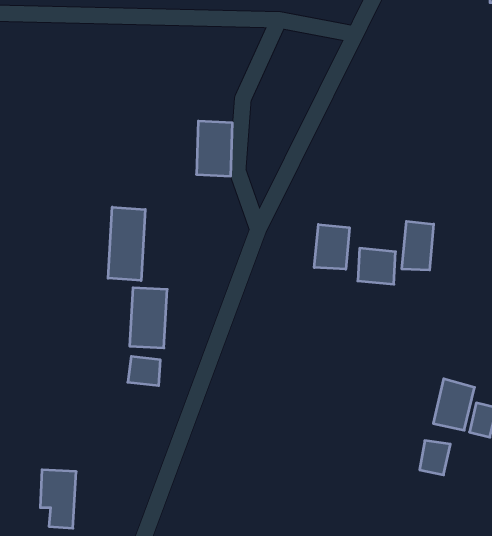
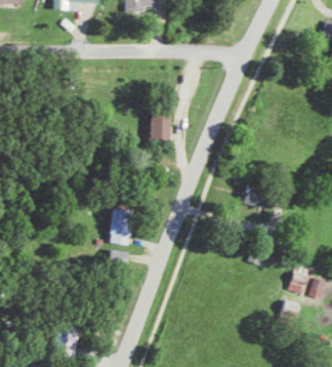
building: [108,207,145,281] -> none
building: [402,221,434,270] -> none
building: [314,224,349,269] -> none

